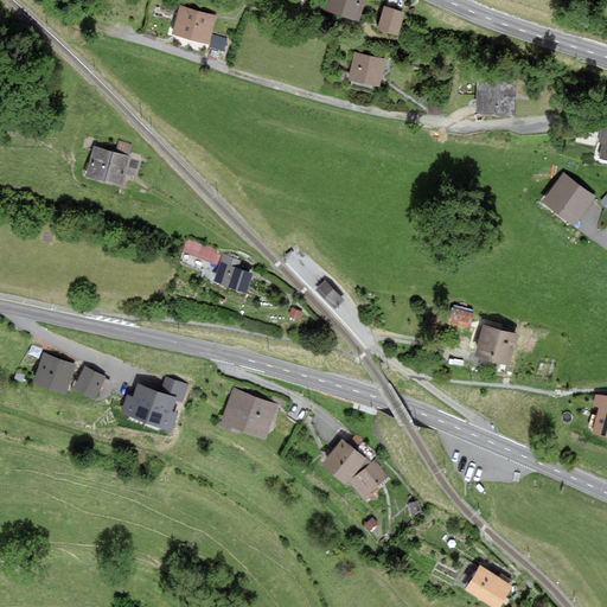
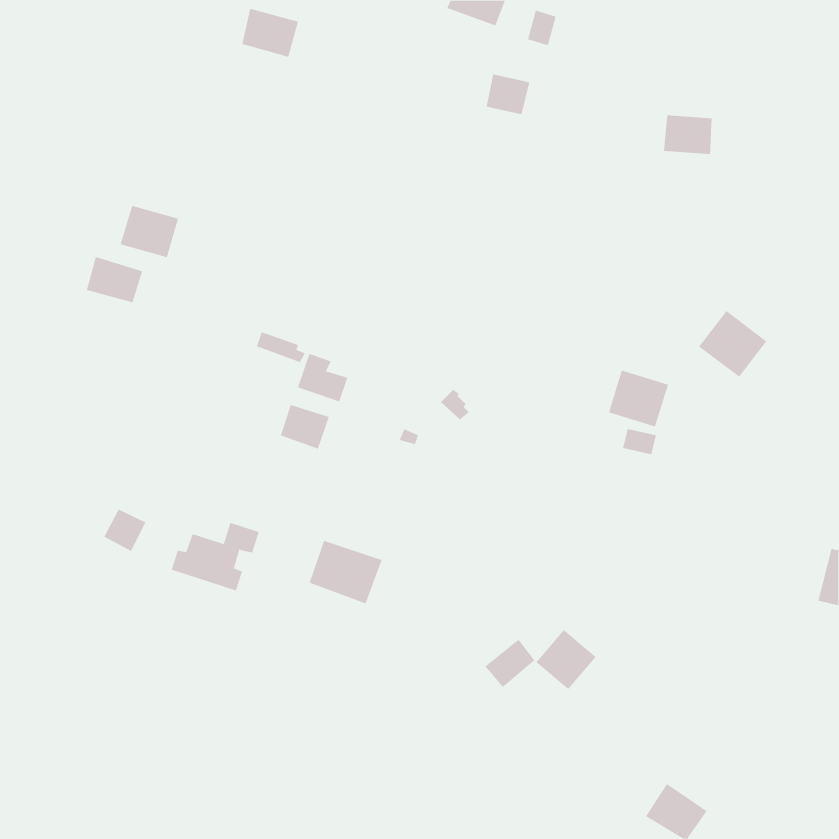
building: [544,174,594,223] -> [698,310,767,378]
building: none -> [86,256,143,303]
building: none -> [280,404,329,449]
building: [474,325,518,366] -> [608,370,669,427]
building: [33,353,74,392] -> none
building: [324,439,368,483] -> [536,629,596,690]

